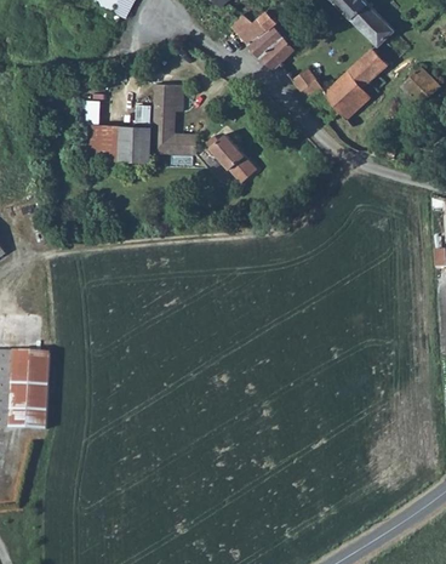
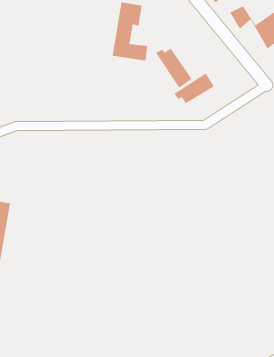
building: [81,125,150,161] -> none
building: none -> [174,73,214,104]

